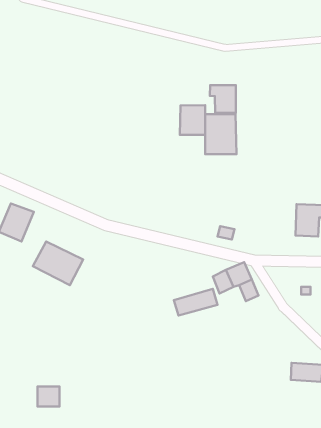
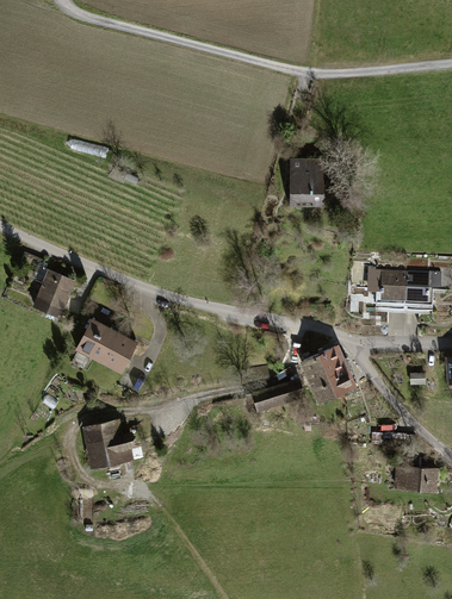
building: [210,85,236,113] -> none
building: [180,105,205,135] -> none
building: none -> [366,269,404,310]
building: none -> [308,372,341,401]
building: none -> [80,418,135,469]

